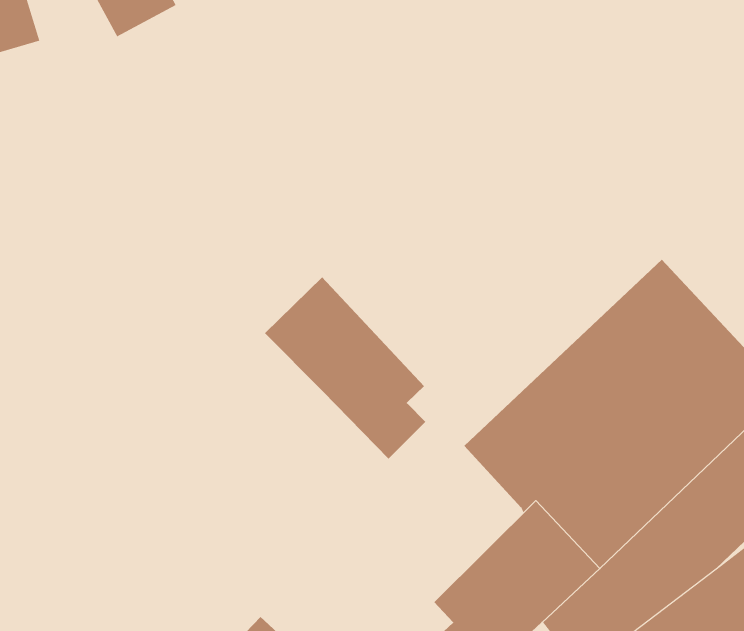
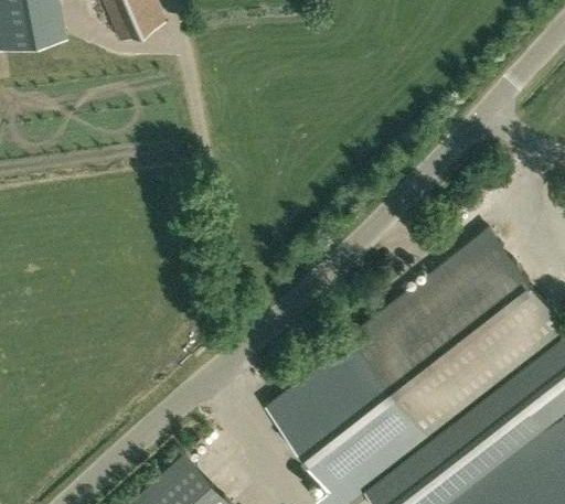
building: [264,277,426,459] -> none
building: none -> [268,348,376,457]

